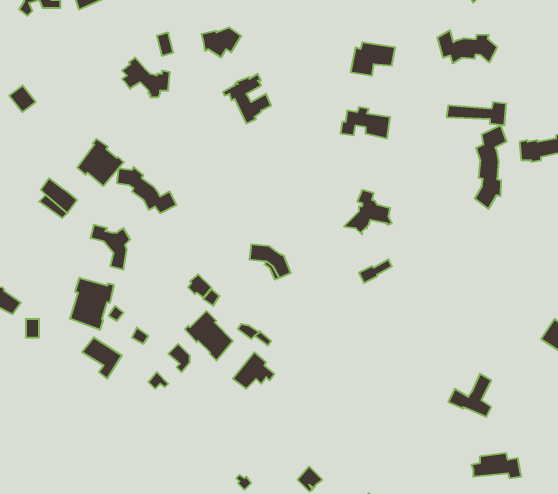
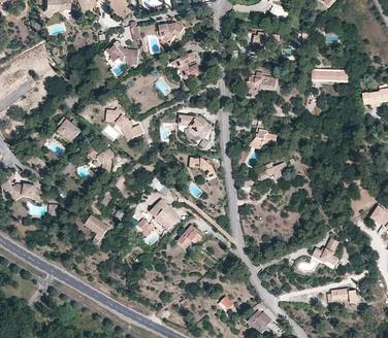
building: [437,30,497,63] -> none
building: [475,125,507,209] -> none
building: [77,139,124,186] -> none
building: none -> [179,115,208,139]
building: [70,278,114,330] -> none

